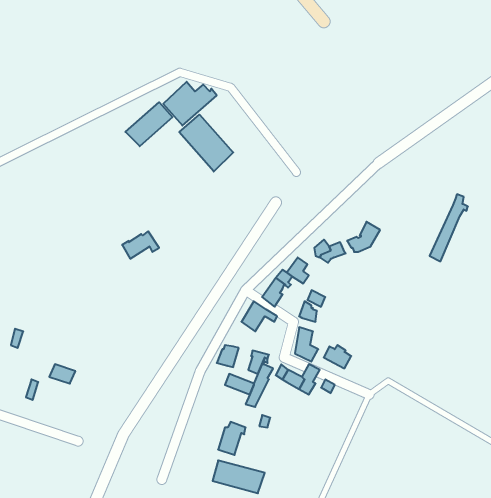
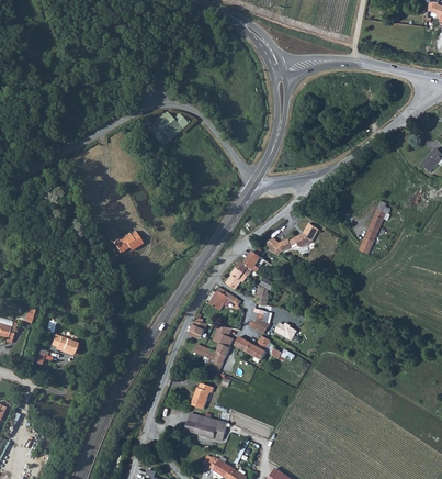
building: [125,102,172,146] -> none
building: [179,115,233,172] -> none

